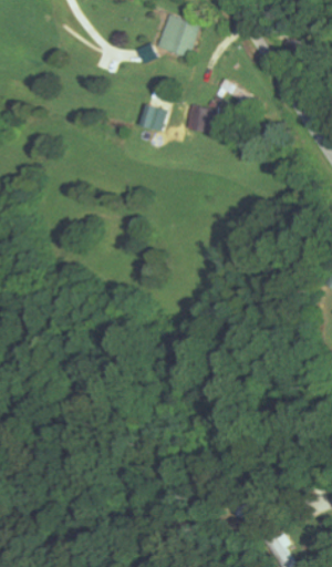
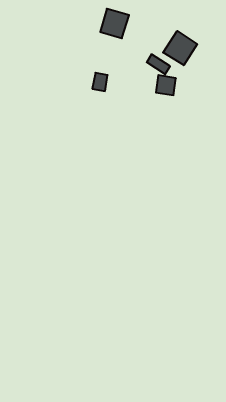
building: none -> [163,31,197,65]
building: [187,104,215,132] -> [156,75,176,95]

